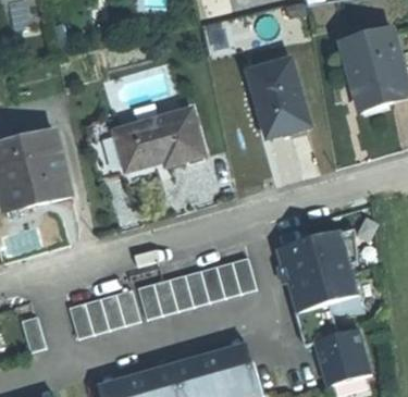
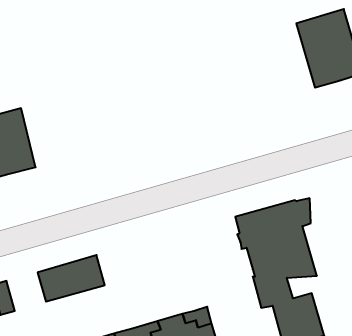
building: [247,59,307,136] -> none
building: [114,112,202,174] -> none
building: [138,257,257,319] -> none

